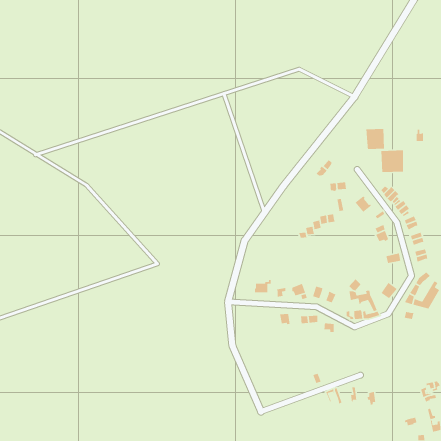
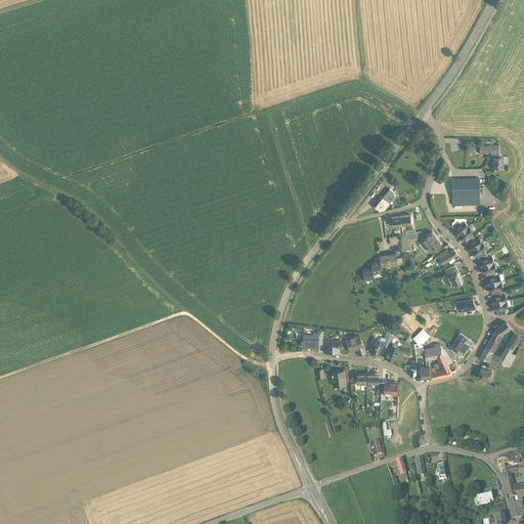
building: [366,128,385,150] -> none

